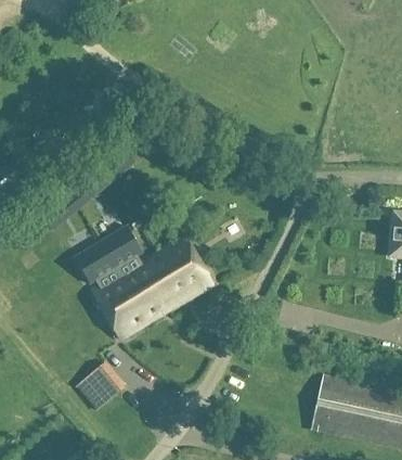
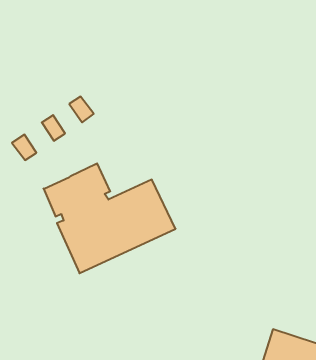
building: [77,363,122,408] -> none

